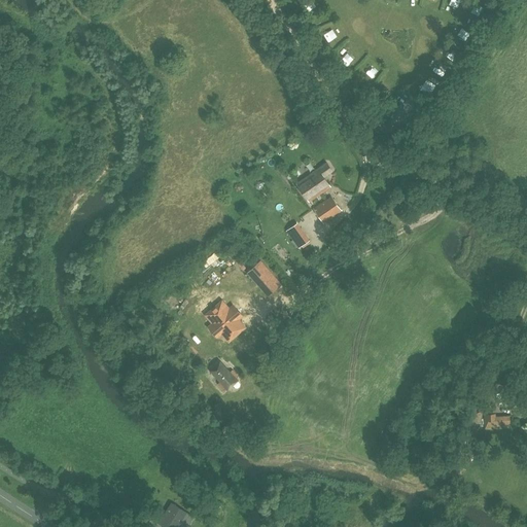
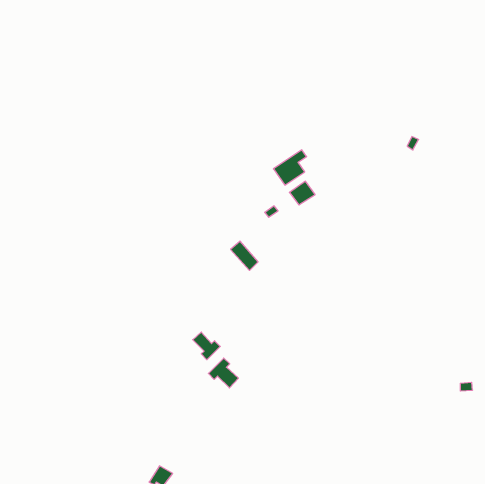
building: [203,300,244,341] -> none
building: none -> [208,358,238,388]

